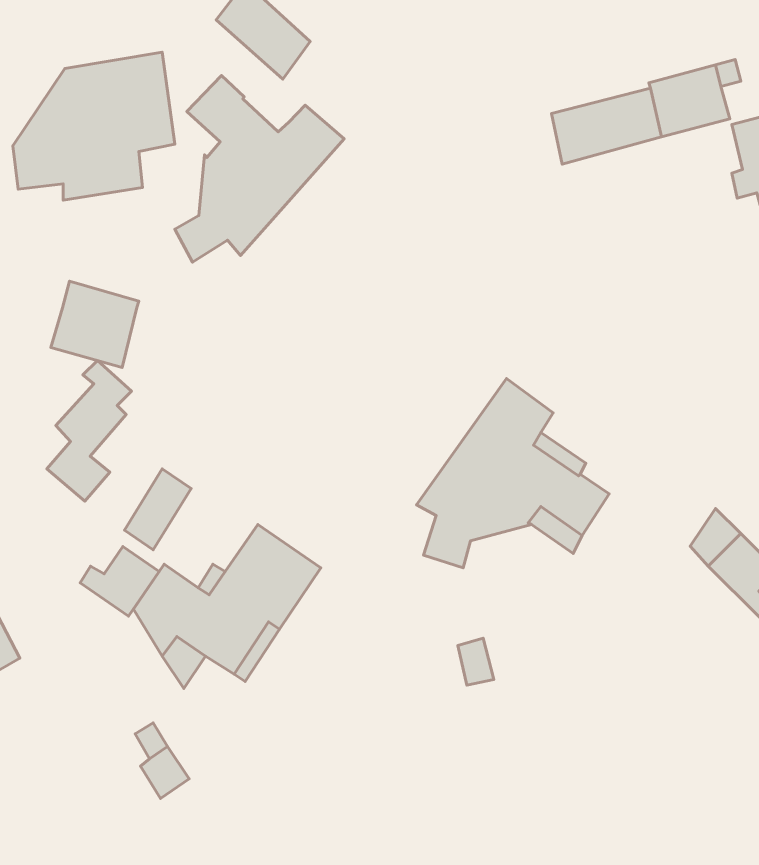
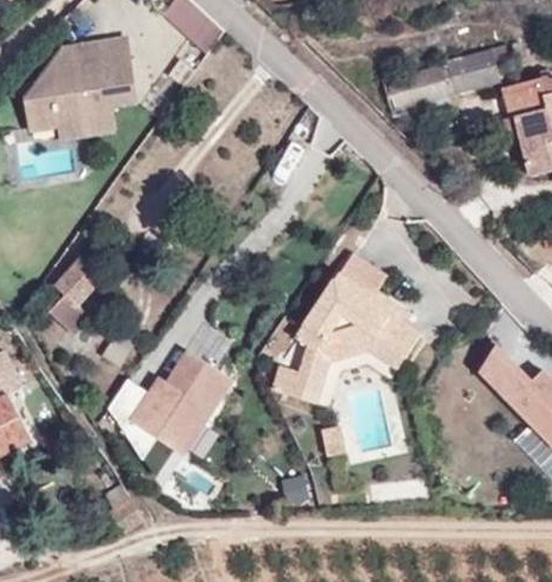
building: [175,76,344,262] -> none
building: [51,281,139,367] -> none
building: [80,547,159,616] -> none
building: none -> [272,365,325,401]

